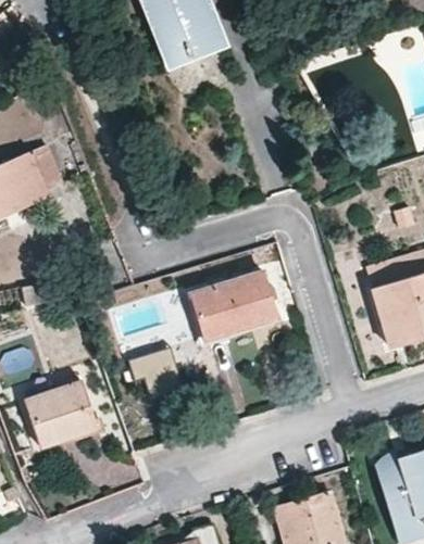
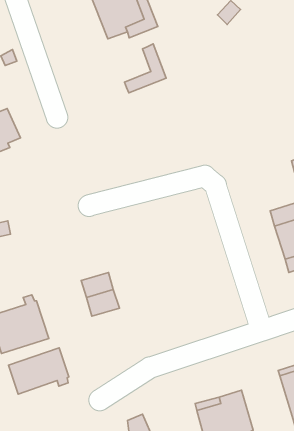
building: none -> [125,44,166,93]
building: [187,271,275,341] -> none
building: none -> [9,348,69,394]

